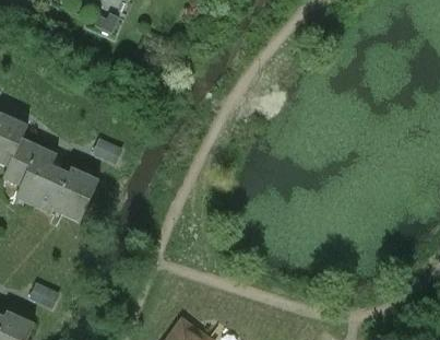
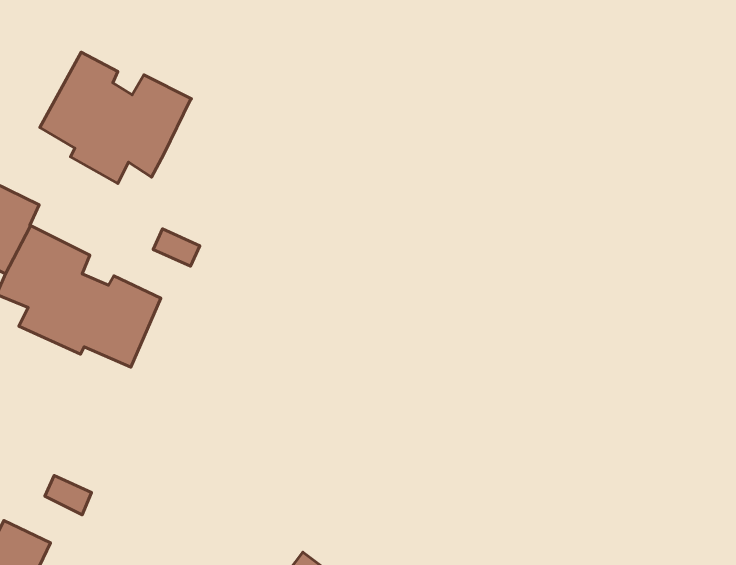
building: none -> [40,52,192,184]

